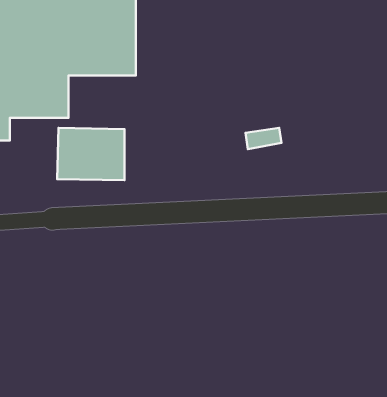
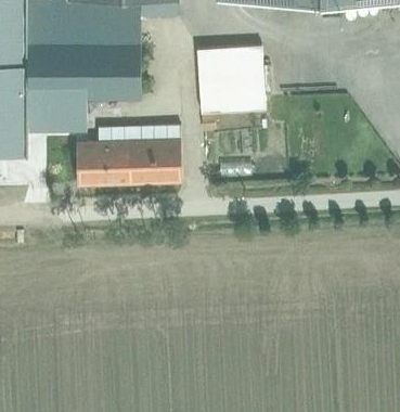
building: none -> [193,44,262,112]
building: none -> [132,138,181,183]

